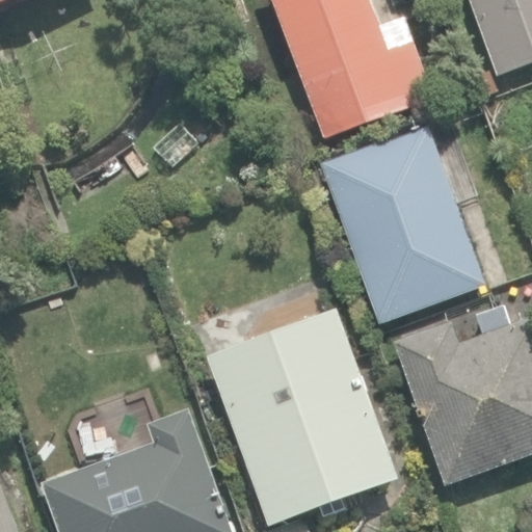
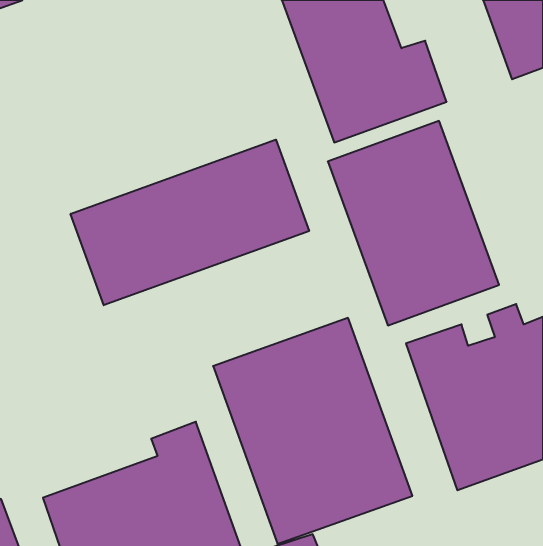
building: none -> [71,140,309,305]

